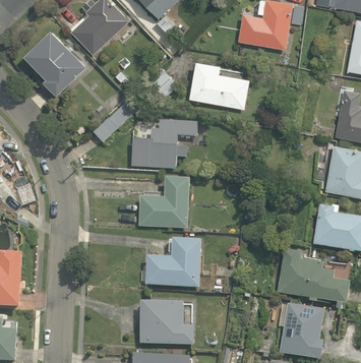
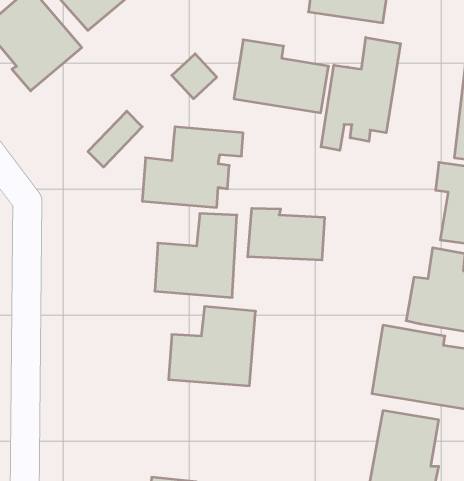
building: none -> [321,37,401,150]
building: none -> [248,208,324,260]
building: [138,299,194,346] -> none

